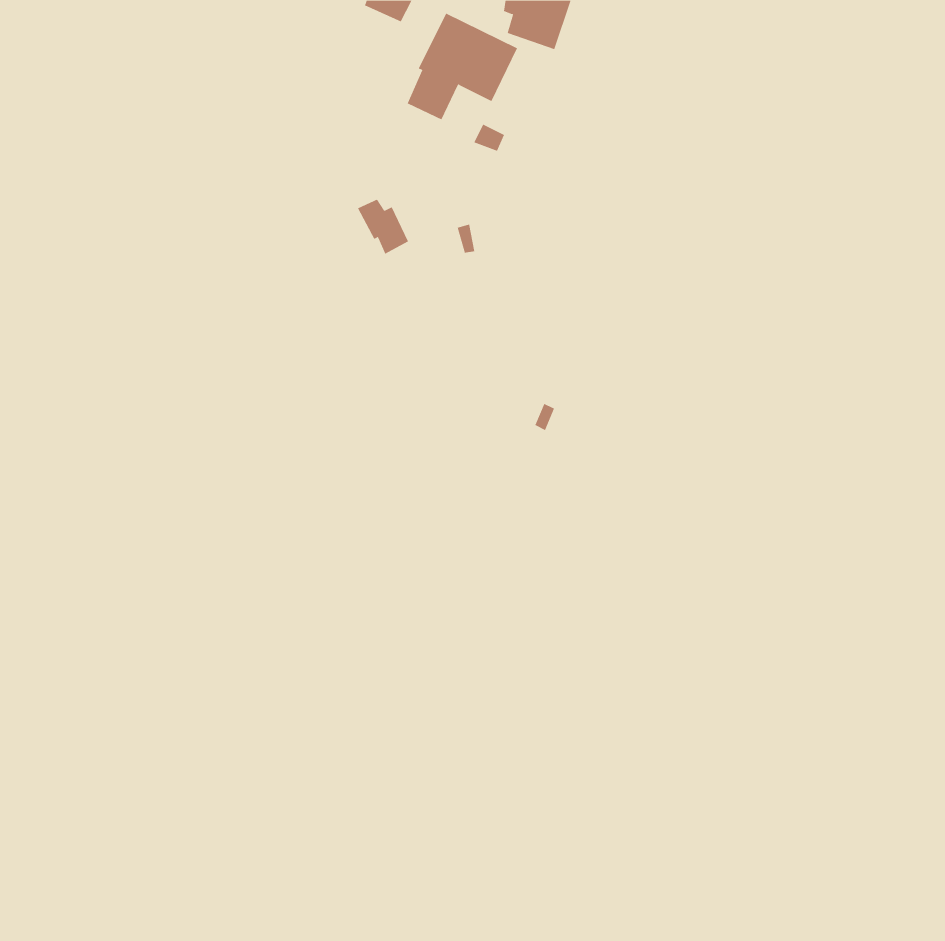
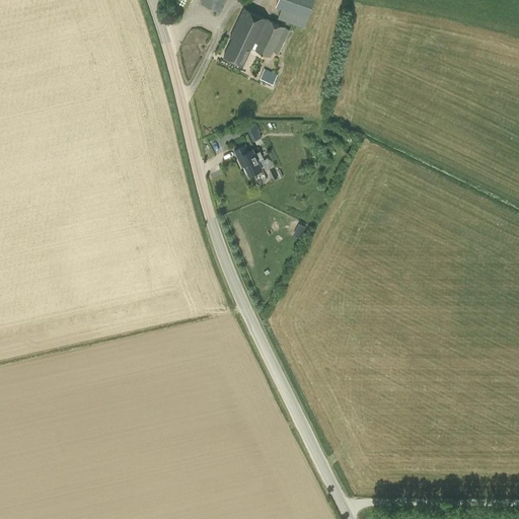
building: [357,199,409,254] -> [233,146,262,176]

